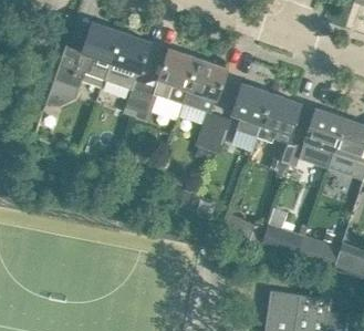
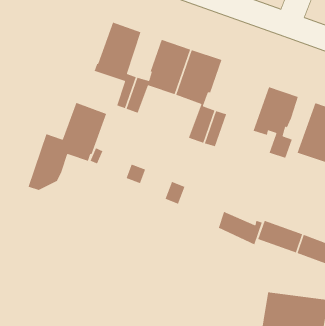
building: [46,21,123,106] -> [27,102,107,191]
building: [231,83,272,137] -> none

